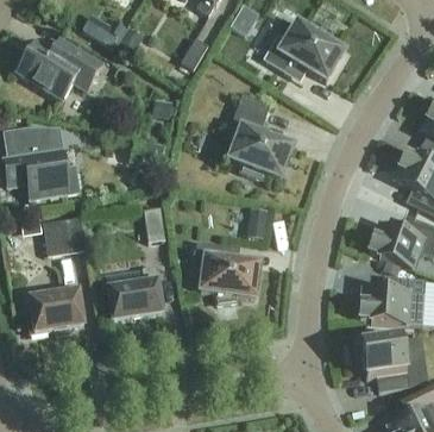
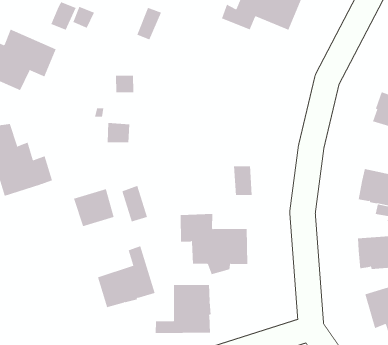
building: [228,92,294,177] -> none
building: [45,219,82,252] -> [73,188,115,227]
building: [29,284,83,332] -> none
building: none -> [155,284,211,334]

